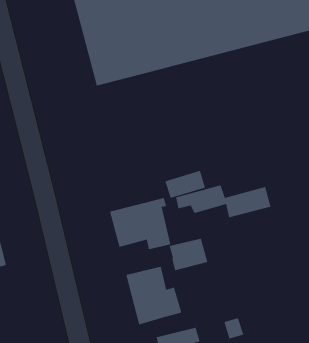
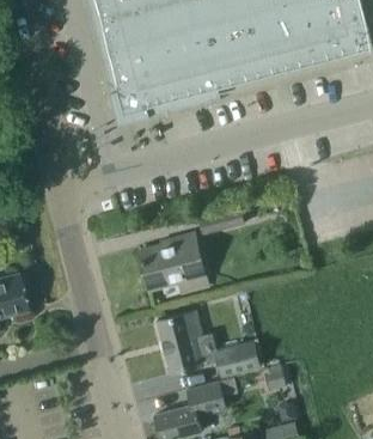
building: [176,185,271,218] -> none
building: [169,238,208,271] -> [215,341,258,377]

